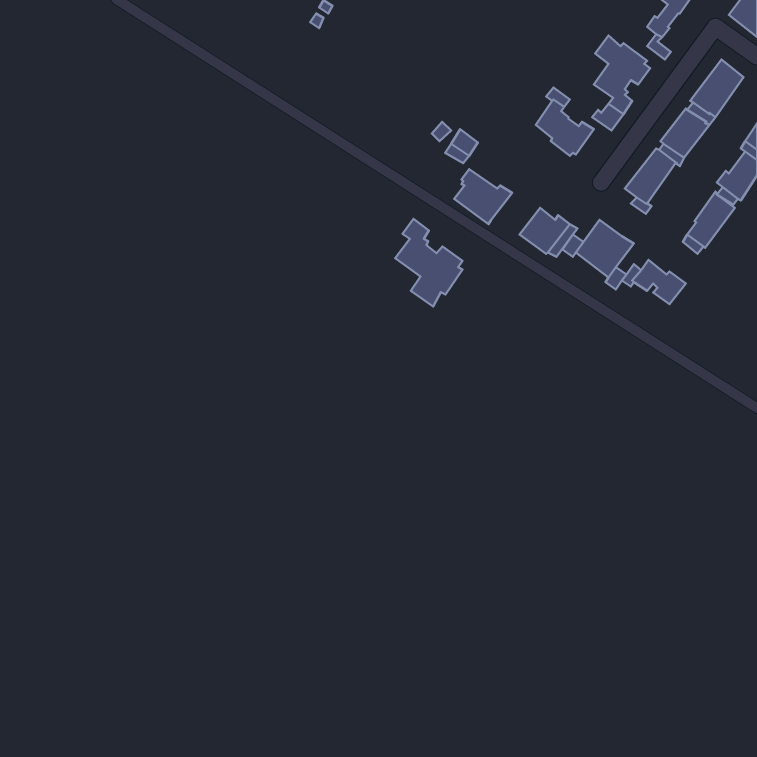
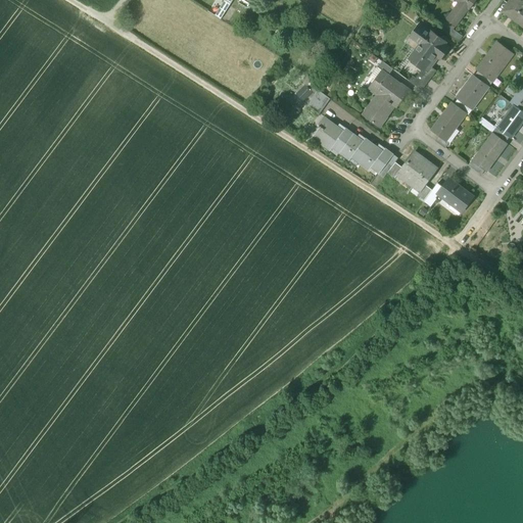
building: none -> [361,97,392,127]
building: none -> [338,133,372,164]
building: [395,219,463,306] -> none

